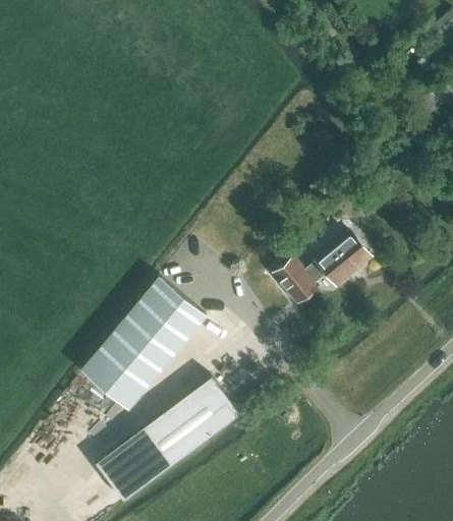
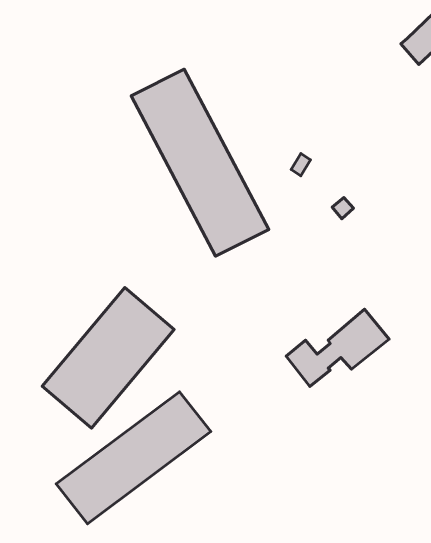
building: none -> [131,69,269,256]
building: [274,231,372,304] -> [286,309,389,386]

